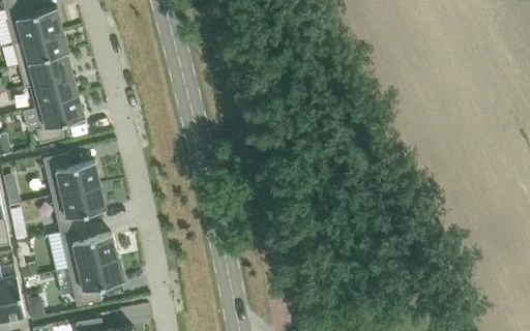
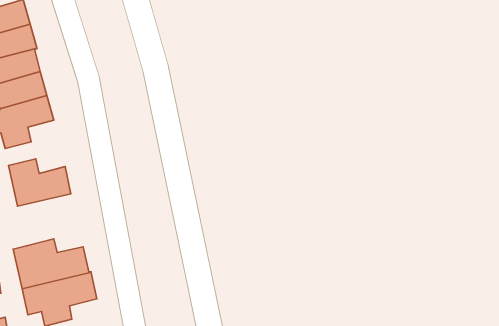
building: [52,185,106,233] -> none

